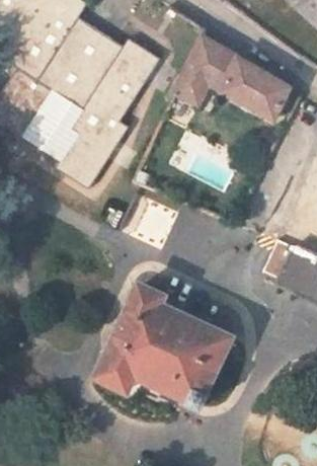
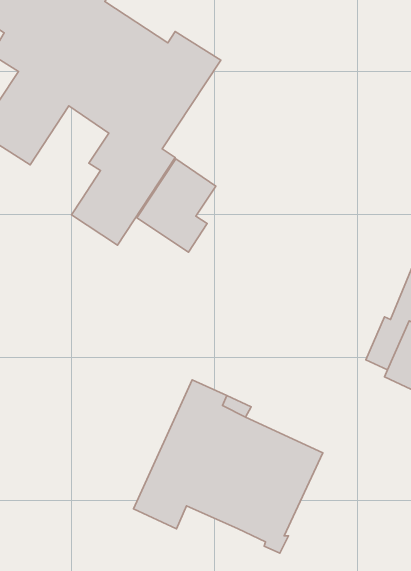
building: [174,35,290,120] -> none
building: [25,91,81,157] -> [137,159,216,252]

